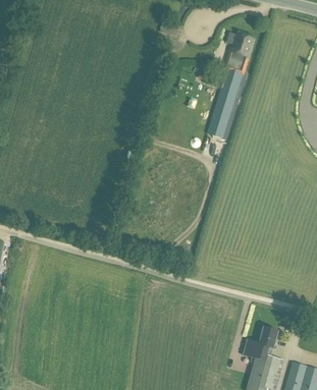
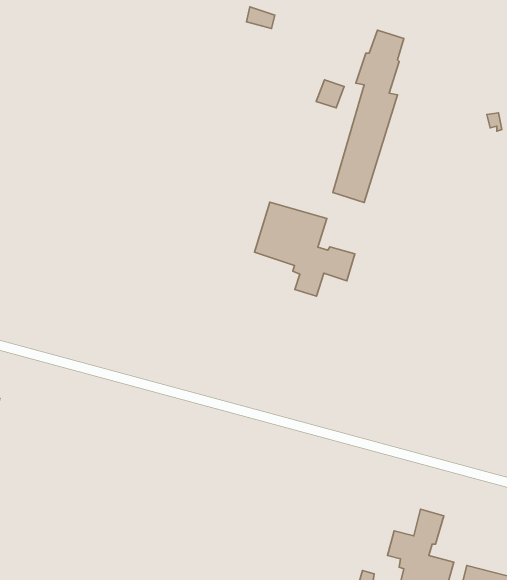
building: none -> [255,202,355,296]

